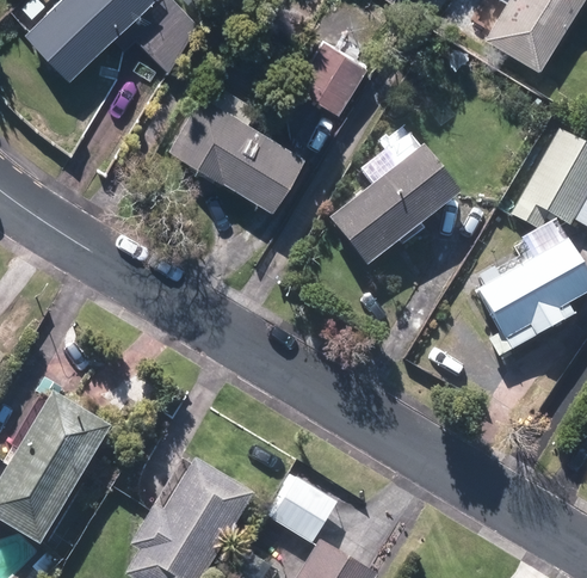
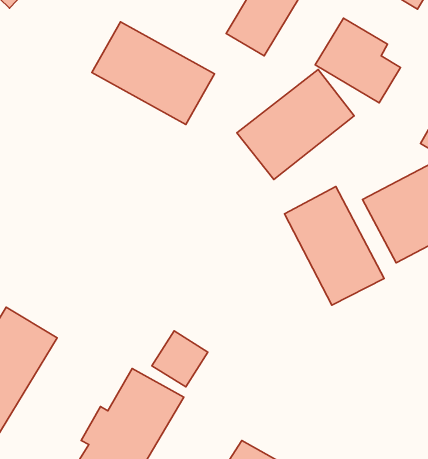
building: none -> [315,18,400,103]
building: none -> [285,187,384,305]
building: [286,487,350,551] -> [152,331,208,387]

